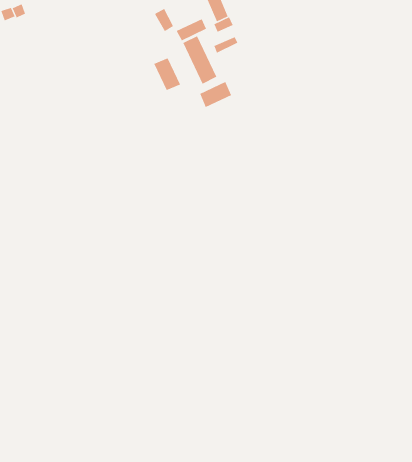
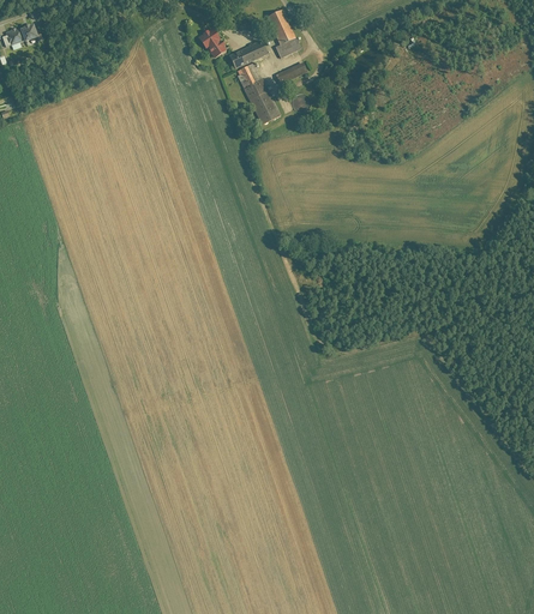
building: [154,57,181,91] -> none
building: [199,81,232,108] -> none

